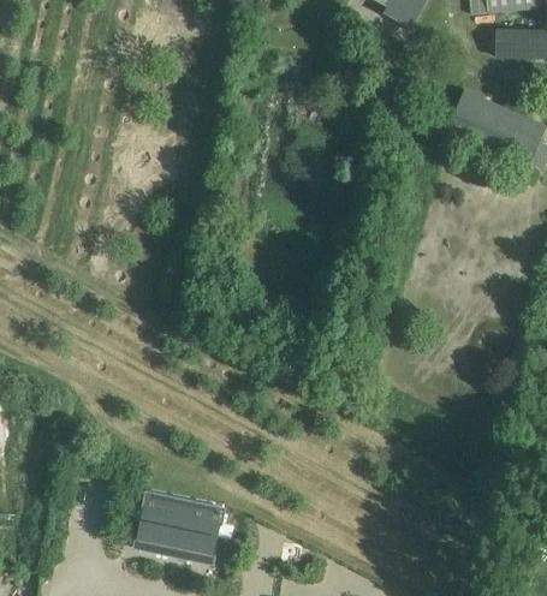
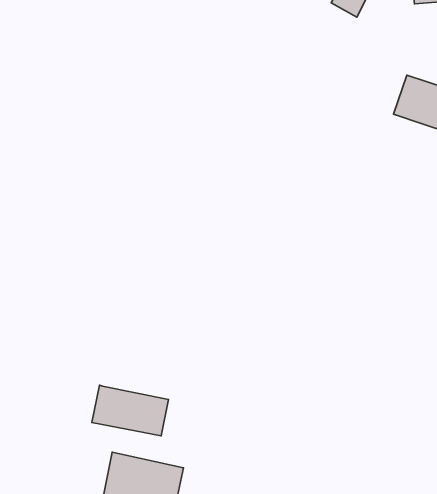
building: none -> [92,385,168,436]

